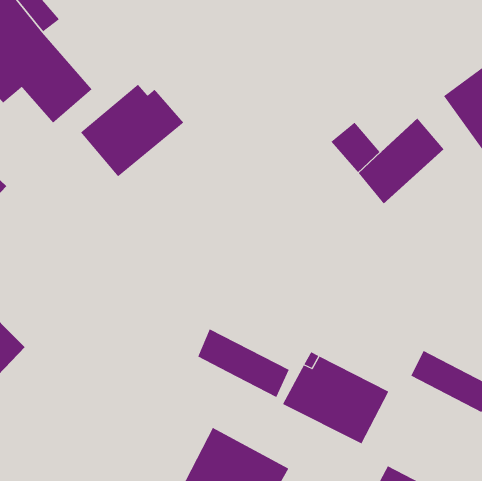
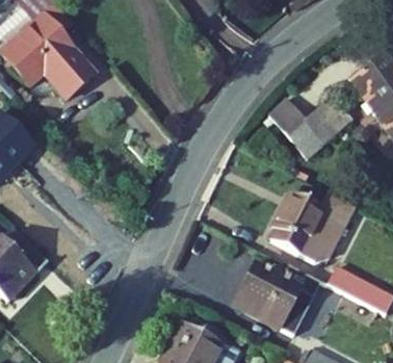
building: [80,84,184,177] -> none
building: none -> [271,190,338,257]
building: [198,329,290,398] -> none

